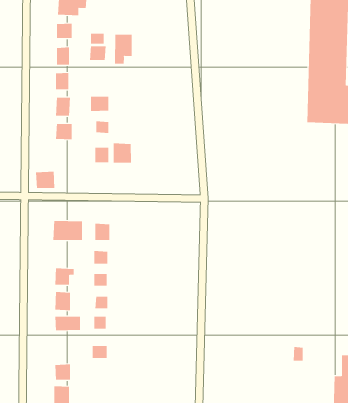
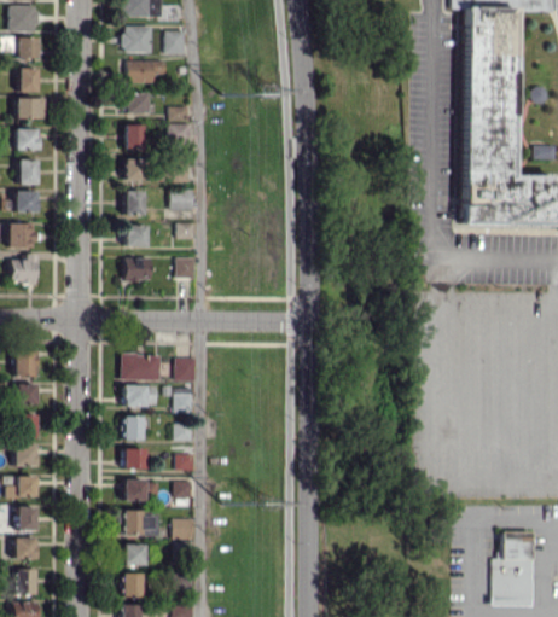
building: [114,34,132,65] -> none
building: [113,142,131,164] -> none
building: [35,171,55,189] -> [124,258,151,281]
building: none -> [122,385,157,408]
building: none -> [123,511,159,536]

